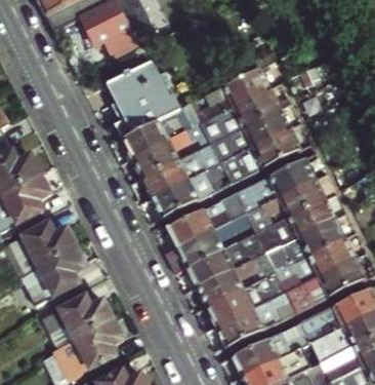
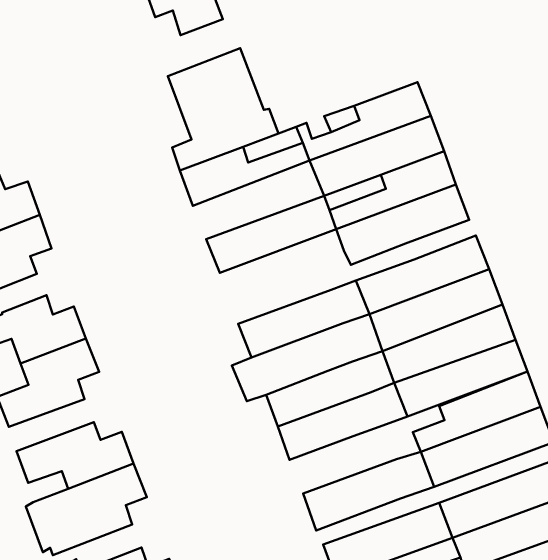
building: [132,122,211,177] -> none
building: [153,162,232,217] -> none
building: [207,271,286,324] -> none

